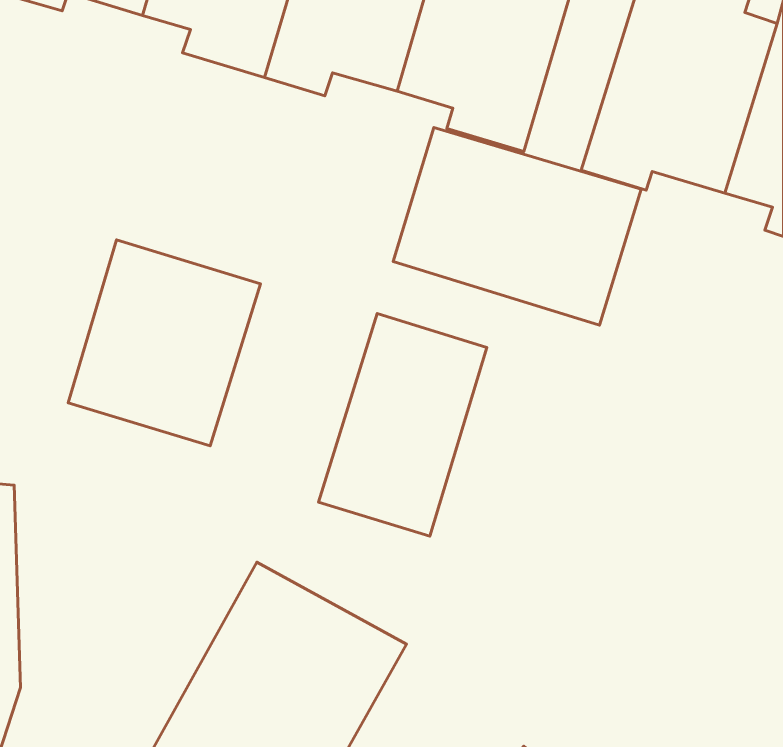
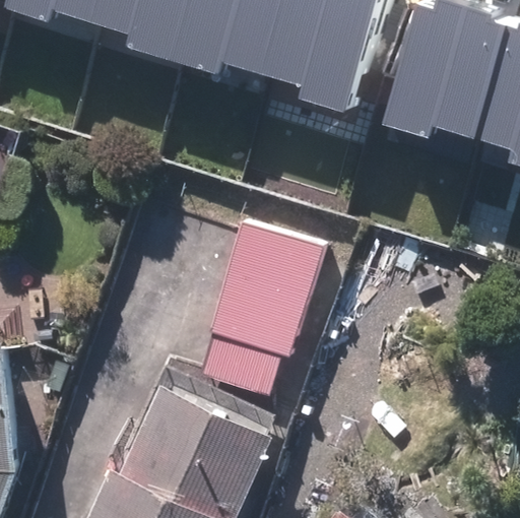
building: [393,127,641,325] -> none
building: [68,240,260,446] -> none

